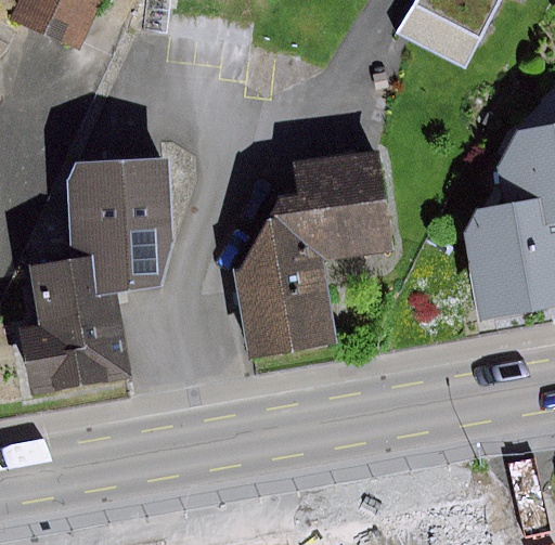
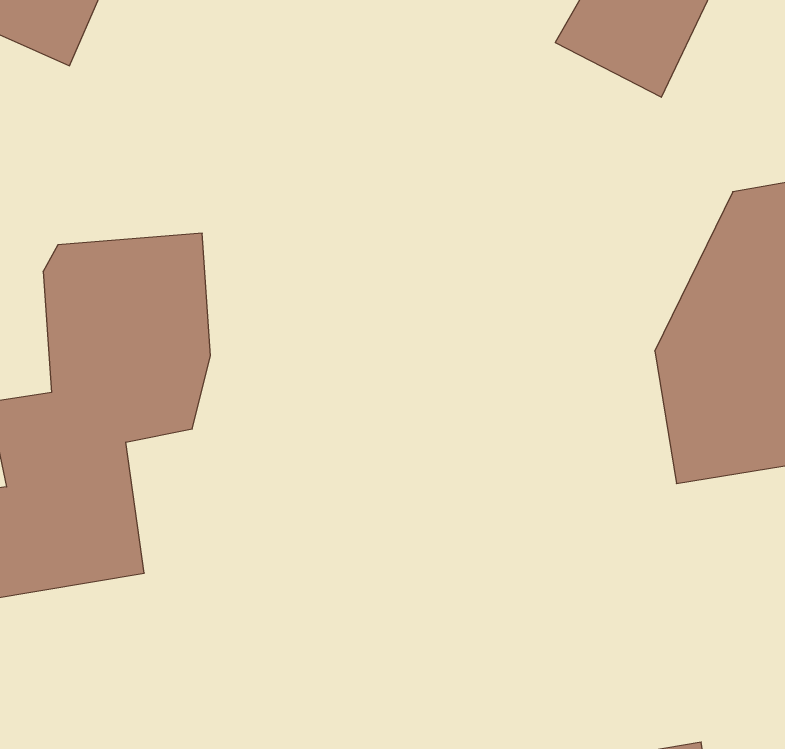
building: [238,155,393,358] -> none

